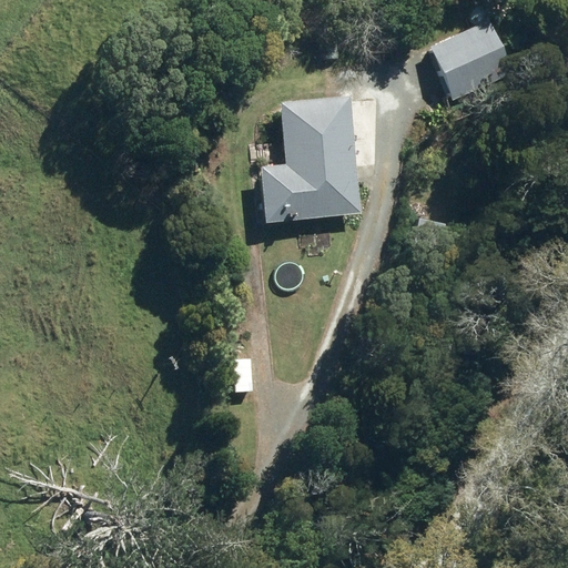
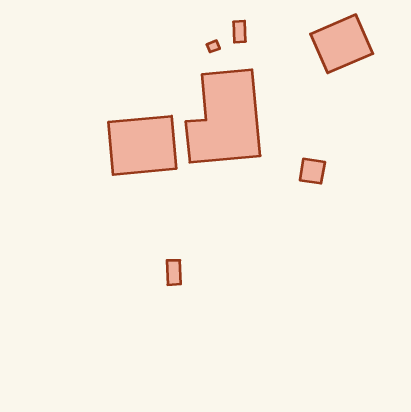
building: none -> [109,116,176,175]

